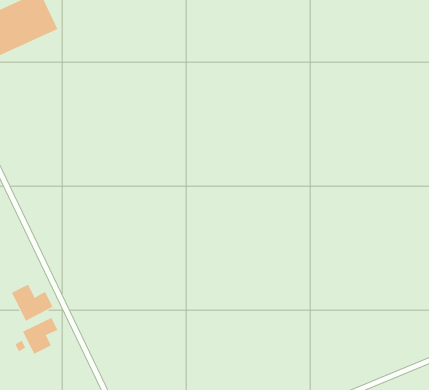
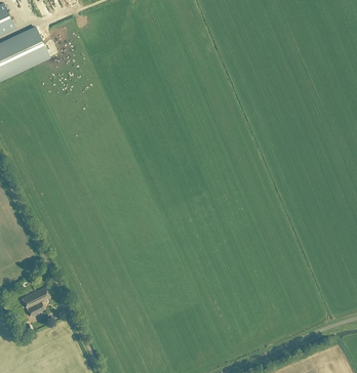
building: [11,284,53,322] -> none

